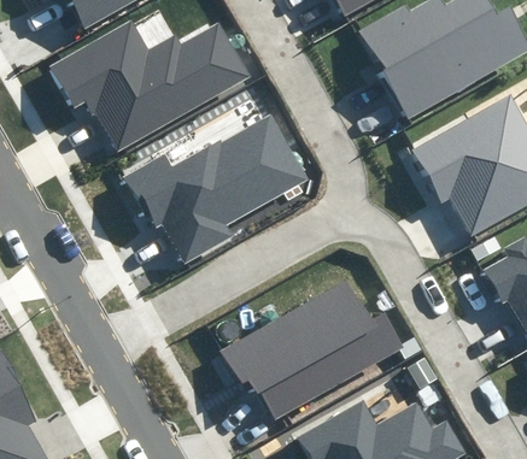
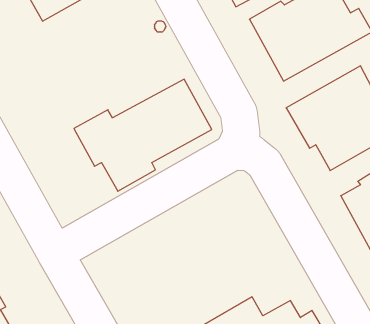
building: [52,22,245,147] -> none
building: [223,281,403,419] -> none

